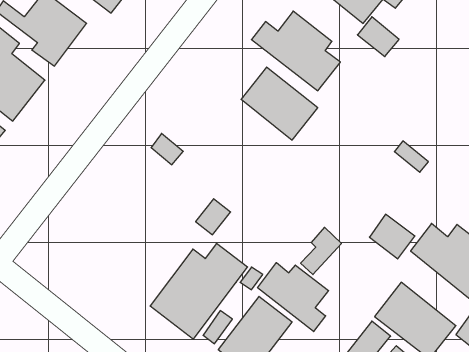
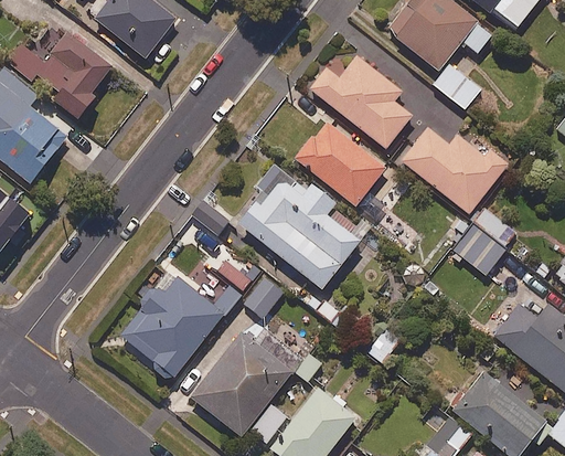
building: none -> [401,127,508,213]
building: none -> [235,163,359,290]
building: none -> [119,272,241,378]
building: [369,214,415,259] -> [452,222,505,274]
building: [258,263,329,332] -> none

